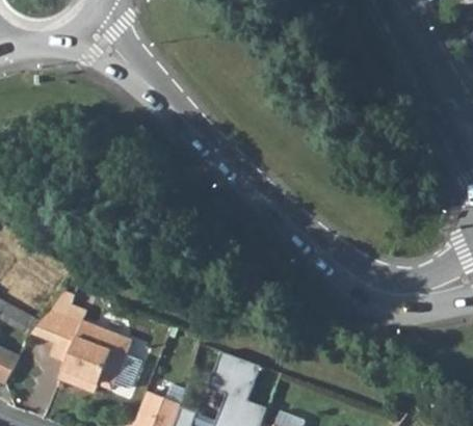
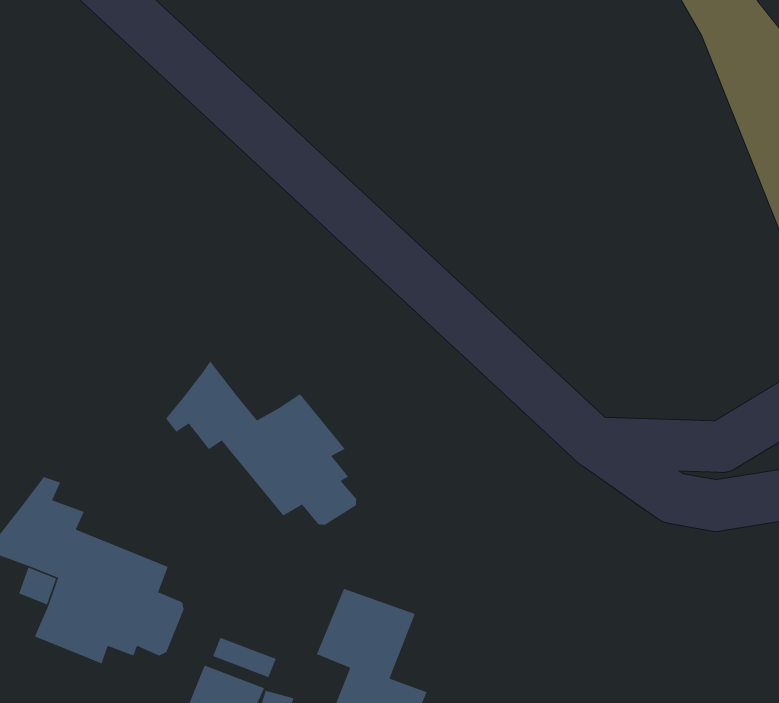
building: none -> [165,360,357,526]

